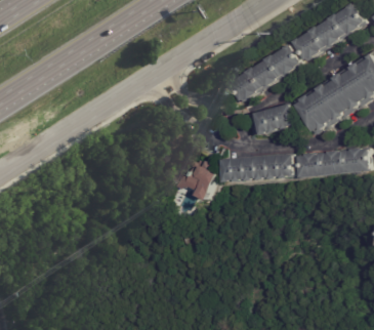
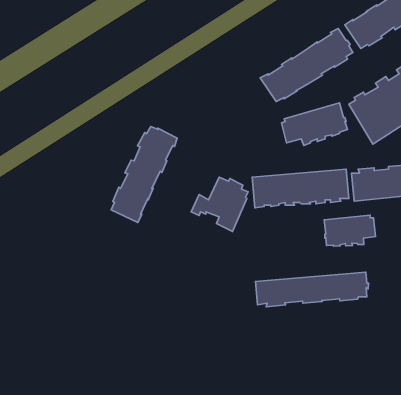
building: none -> [111,126,177,223]
building: none -> [324,215,376,246]
building: none -> [255,272,368,307]

